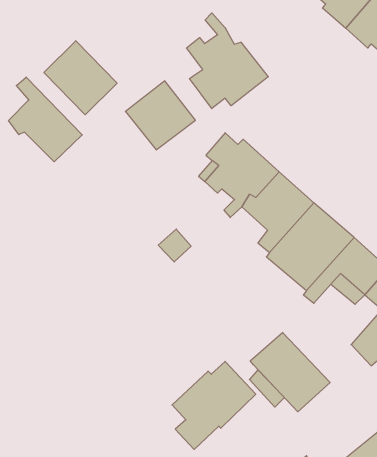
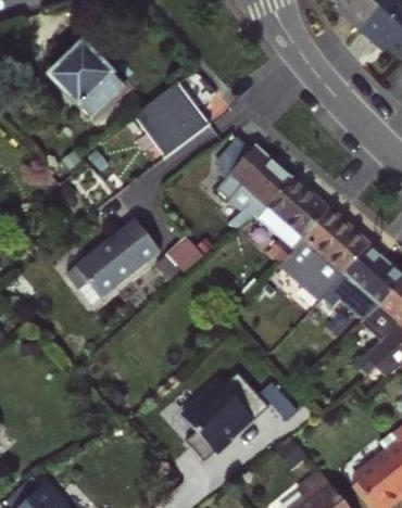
building: [187,13,268,109] -> none
building: [9,77,82,162] -> none
building: none -> [66,219,161,300]
building: [250,332,330,412] -> none

